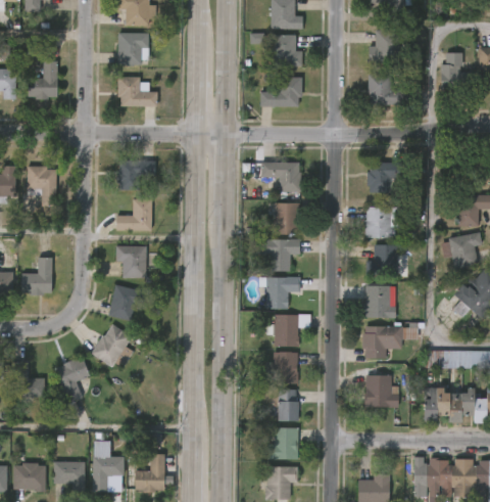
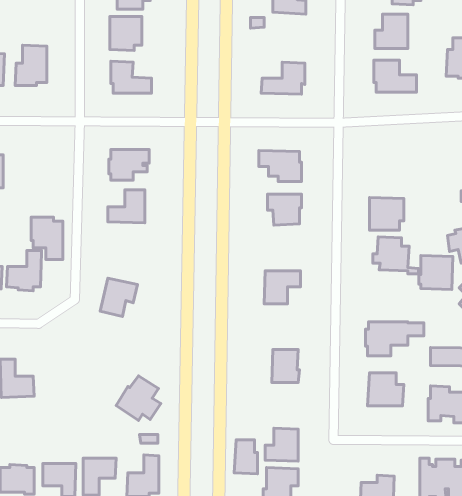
building: [276,33,305,65] -> none
building: [369,161,410,192] -> none
building: [26,165,56,206] -> [31,217,63,260]
building: [252,238,301,271] -> none
building: [115,244,147,276] -> none
building: [363,284,396,317] -> [419,255,453,289]
building: [266,314,299,346] -> none
building: [91,324,134,367] -> [116,376,161,420]
building: [55,358,90,402] -> none
building: [277,389,299,421] -> [234,440,258,474]

